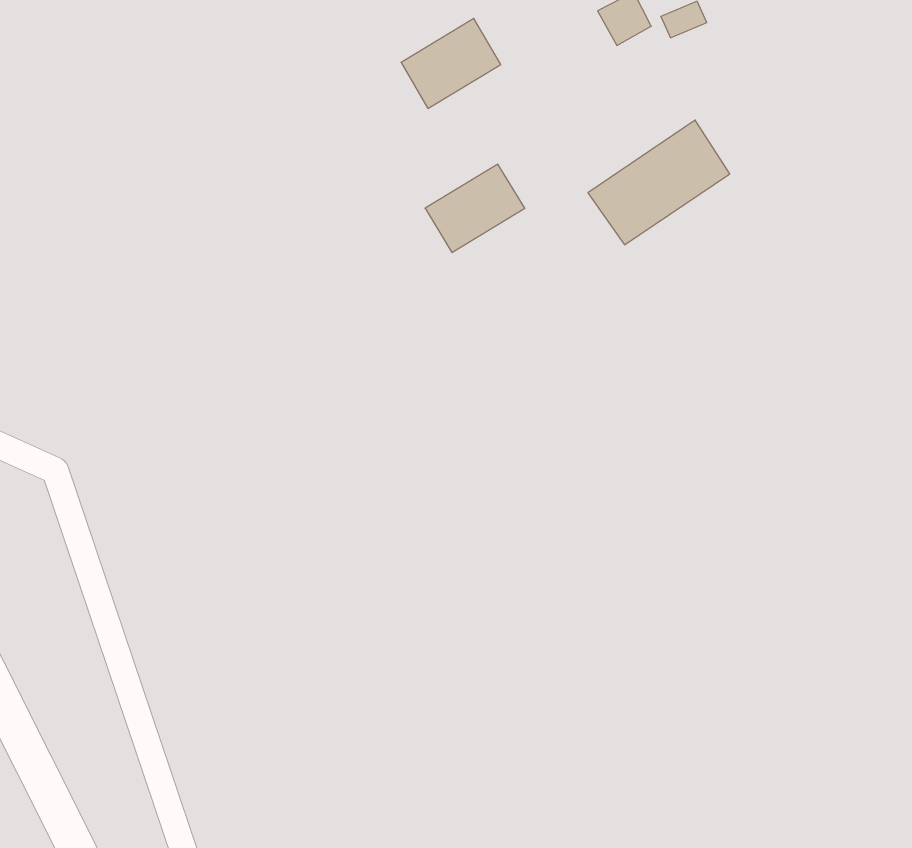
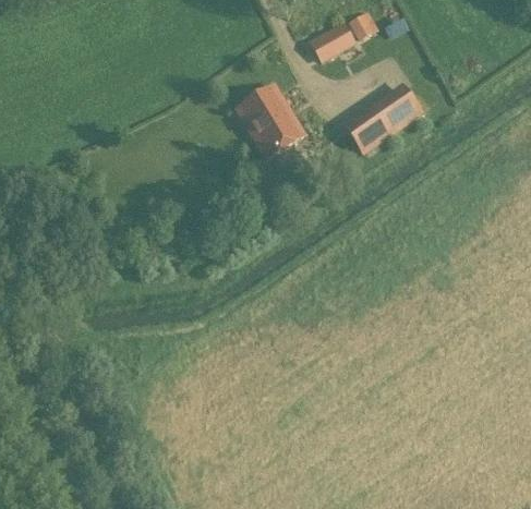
building: [401,18,501,108] -> [233,82,290,133]
building: none -> [314,28,351,60]

